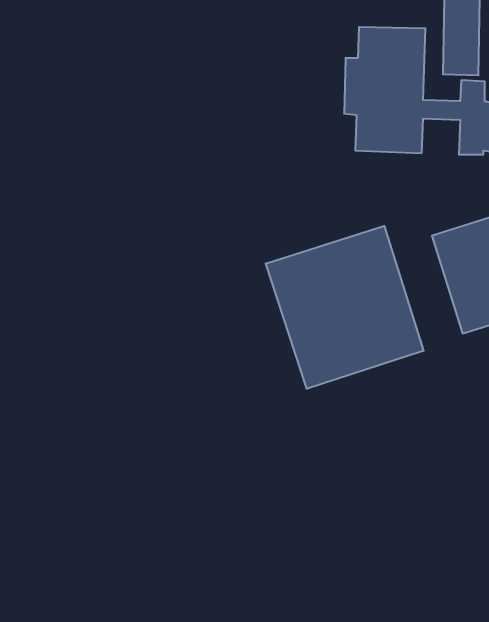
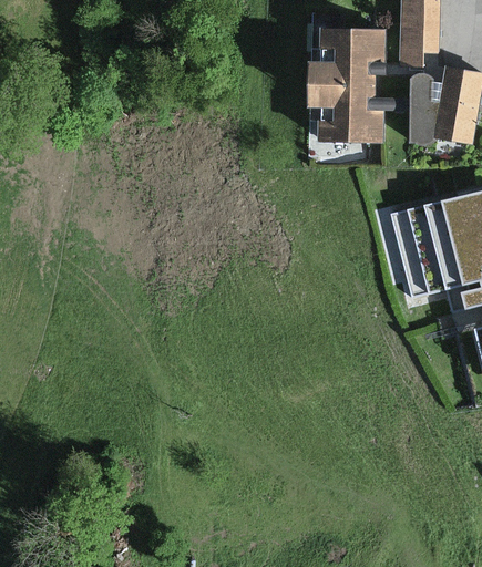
building: [266,226,424,389] -> none

